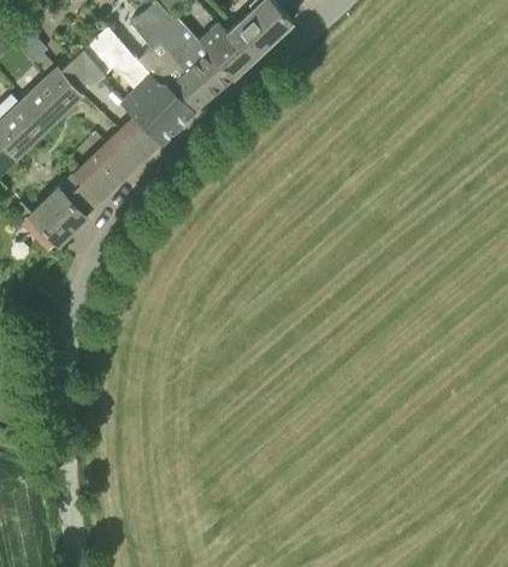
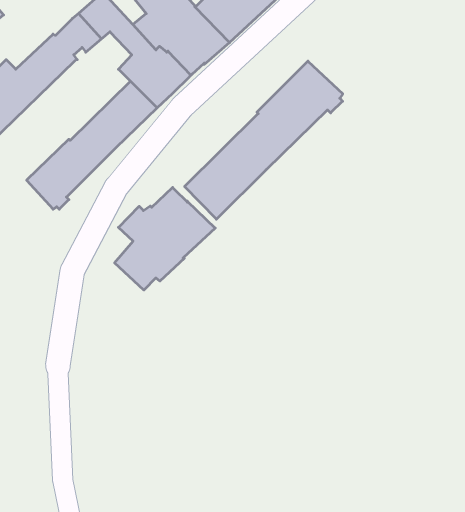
building: none -> [185,61,343,219]
building: none -> [115,187,215,290]

